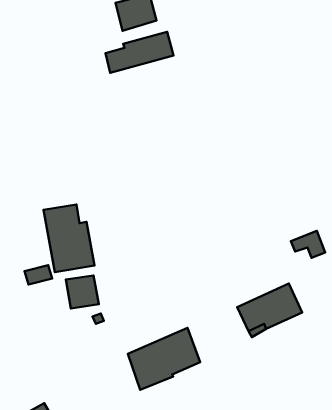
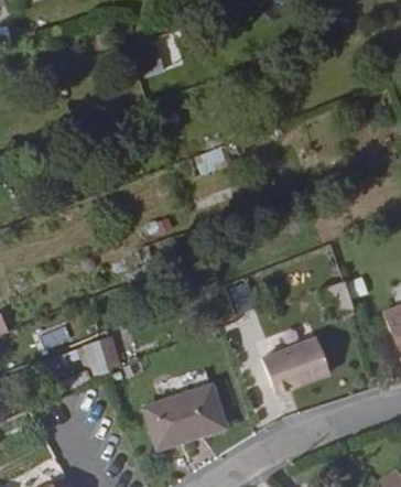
building: [105,32,174,73] -> none
building: [44,204,94,272] -> none

